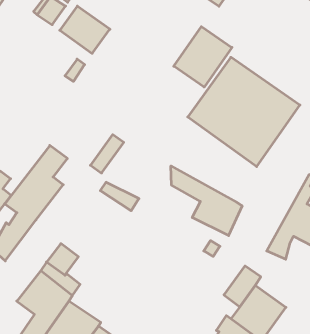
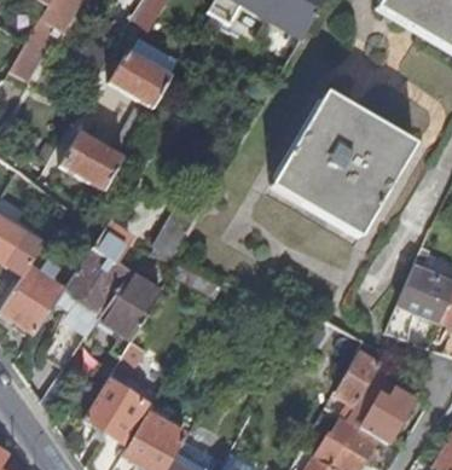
building: [174,27,232,87] -> none
building: none -> [59,133,121,190]
building: [171,166,242,236] -> none
building: none -> [98,271,162,338]

